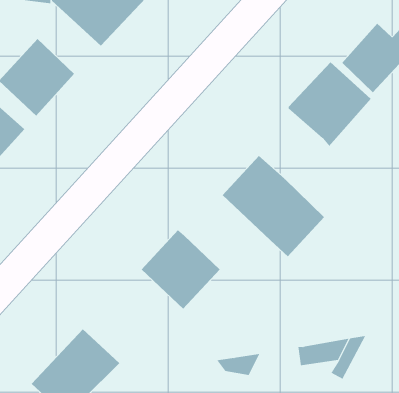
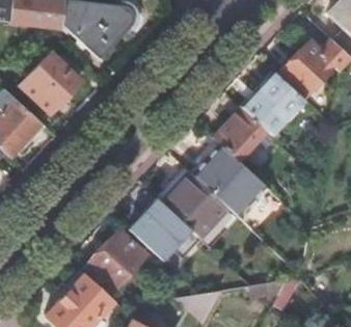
building: none -> [214,107,267,160]
building: none -> [163,168,227,237]
building: none -> [87,233,145,292]

